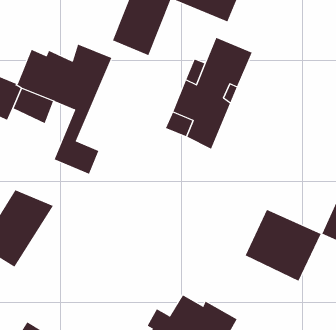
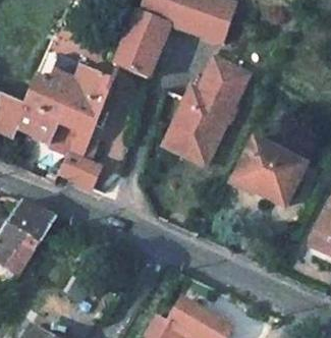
building: [245,209,322,281] -> [229,137,301,206]

